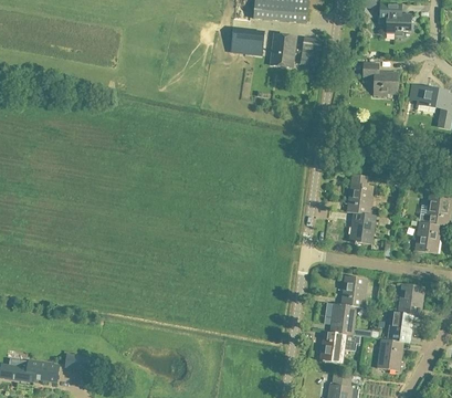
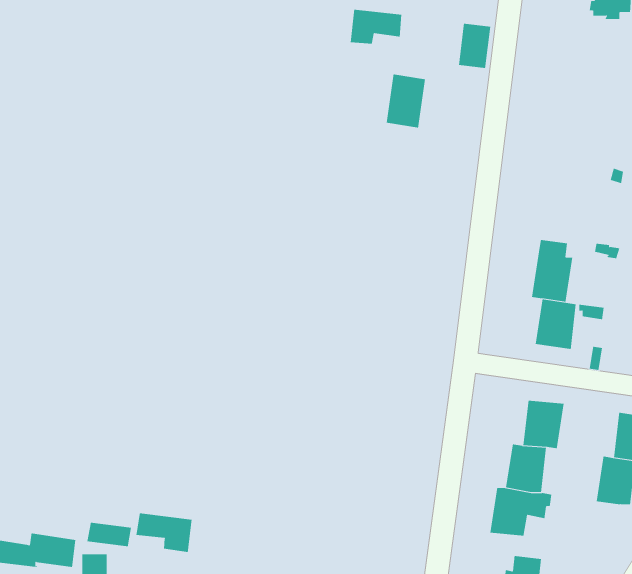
building: [270,32,295,66] -> [386,74,426,128]
building: [362,63,397,94] -> none
building: [377,338,402,370] -> none
building: none -> [136,513,192,553]

